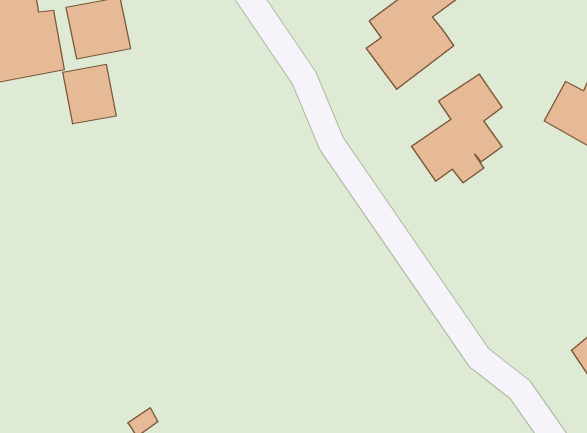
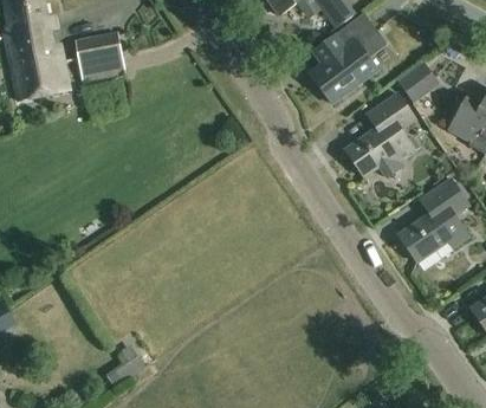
building: none -> [398,61,438,102]
building: [63,64,116,124] -> none
building: none -> [398,177,469,261]

